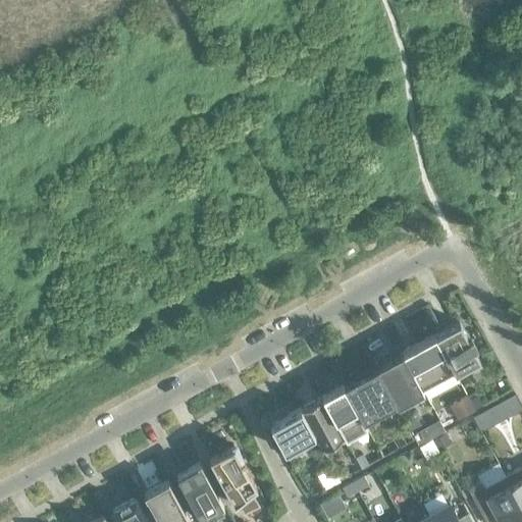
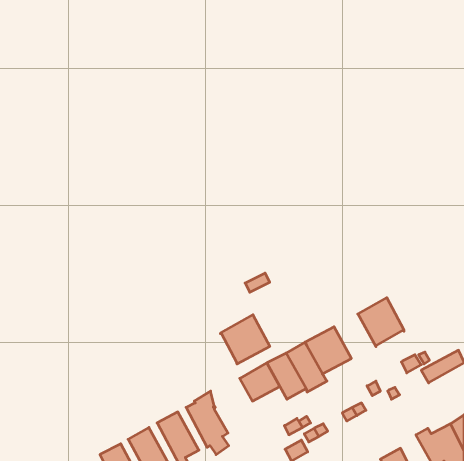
building: [434,324,479,375] -> none
building: [375,356,423,409] -> none
building: none -> [220,315,270,364]

